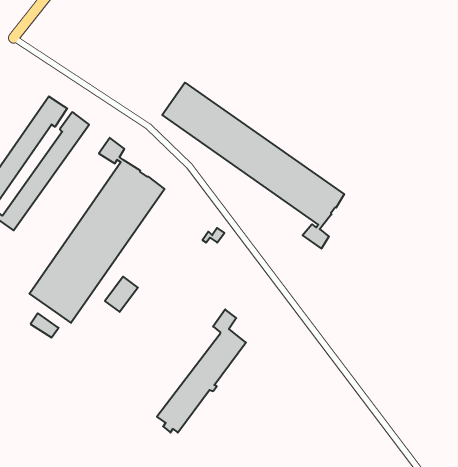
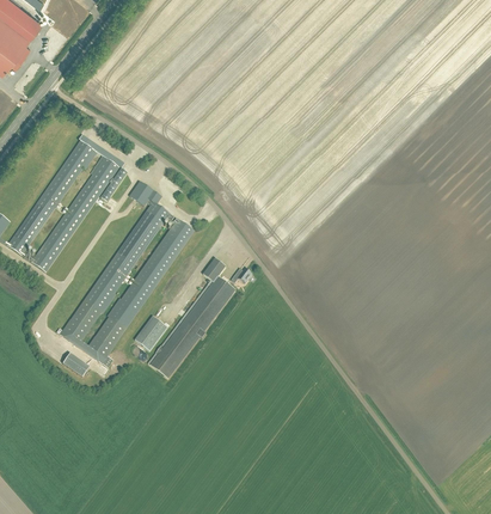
building: [162,83,344,249] -> none
building: [157,309,246,433] -> [147,258,234,379]

